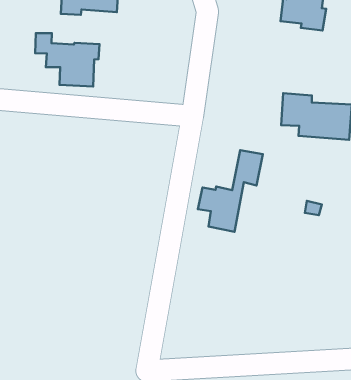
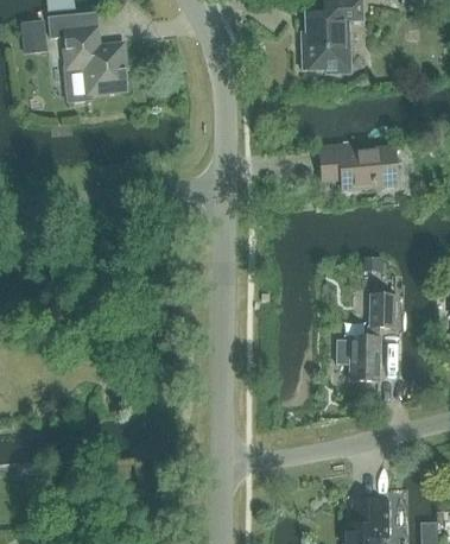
building: [35,33,99,86] -> none
building: [198,150,263,232] -> [336,292,395,380]

